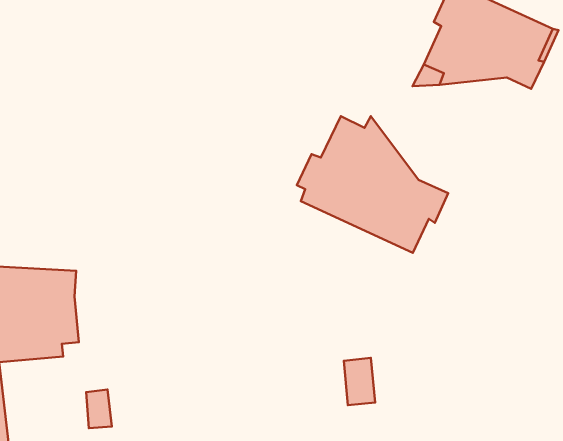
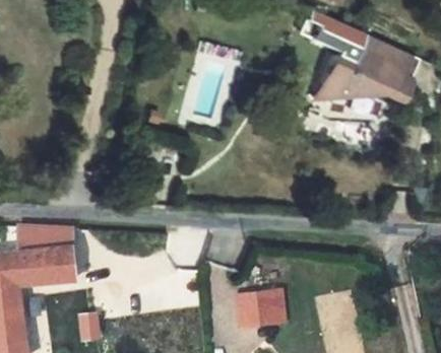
building: [297,116,448,253] -> none
building: none -> [241,292,269,327]

